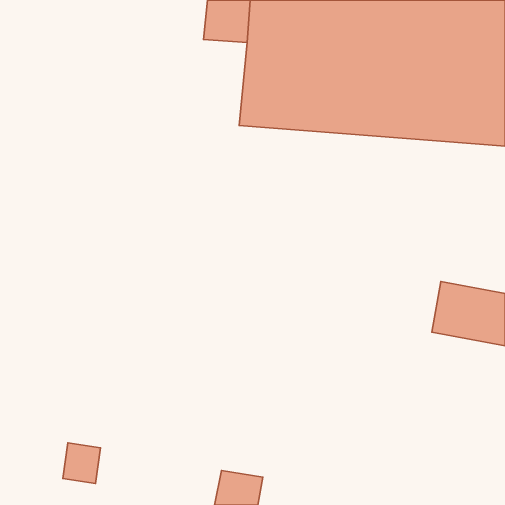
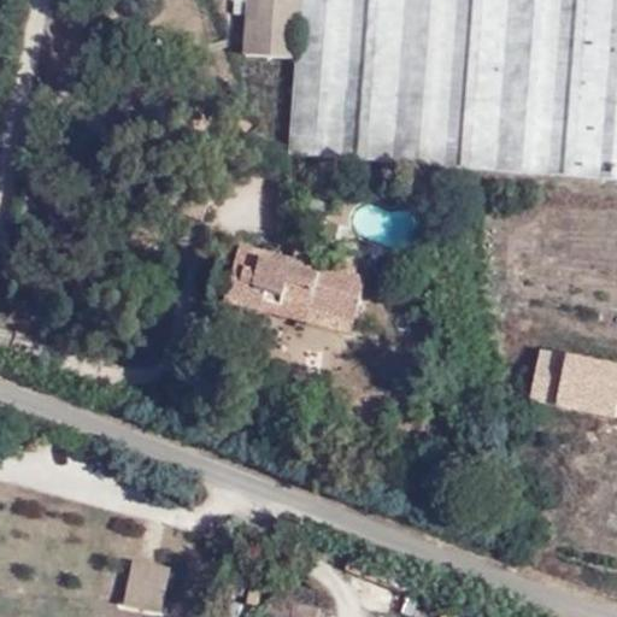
building: none -> [223,255,365,335]
building: [63,443,100,483] -> [127,560,172,610]

